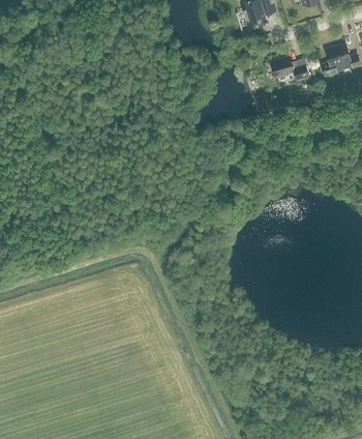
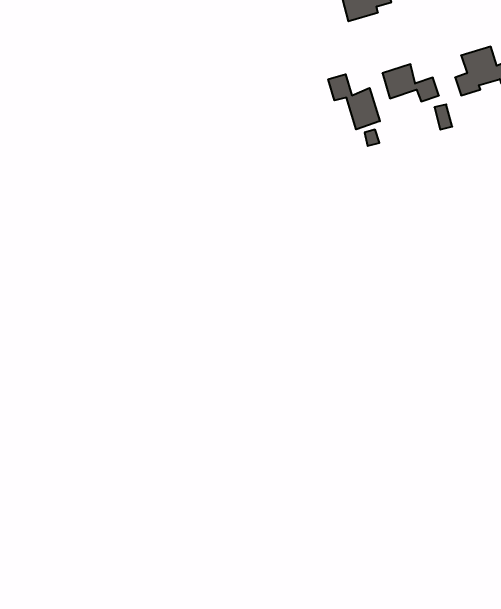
building: none -> [328,74,380,129]

